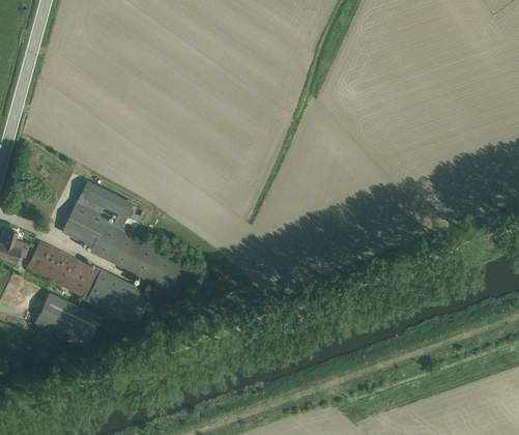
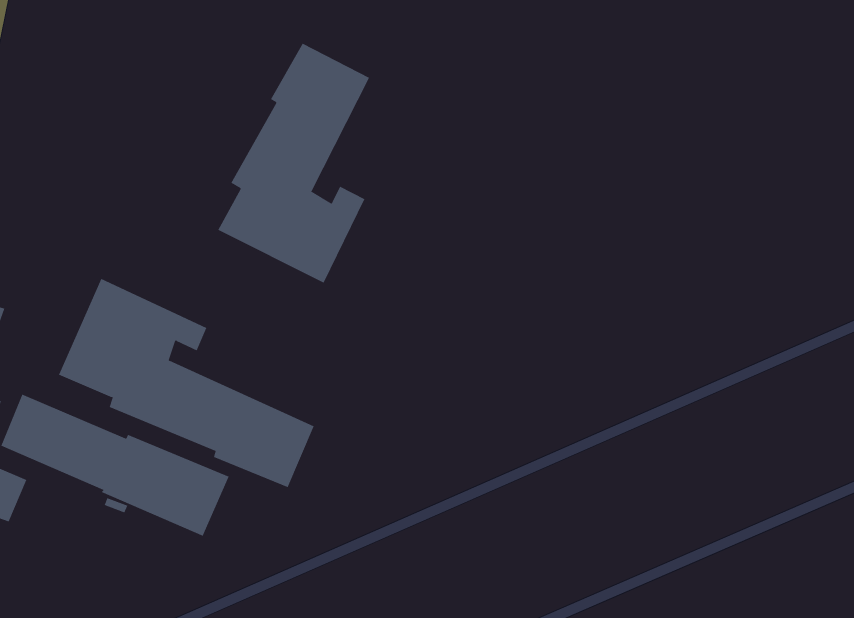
building: none -> [217,43,370,283]
building: [32,291,99,348] -> none

